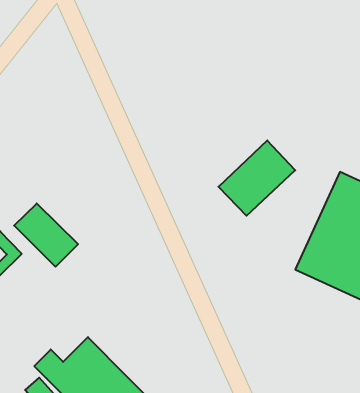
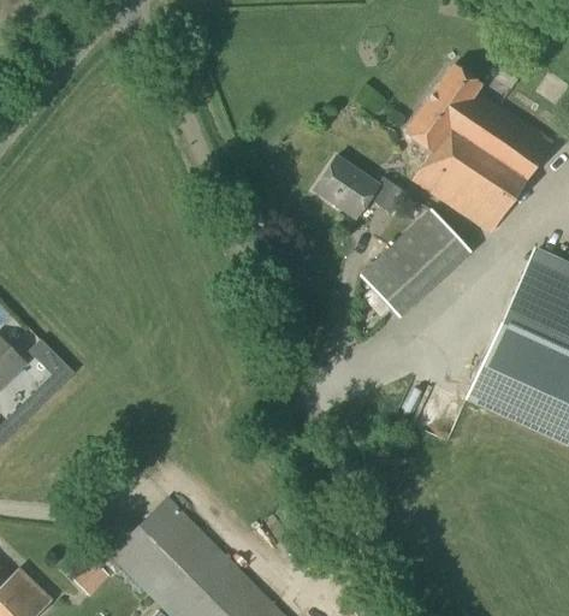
building: none -> [404,65,552,235]
building: none -> [313,156,404,218]
building: [14,203,78,267] -> none

